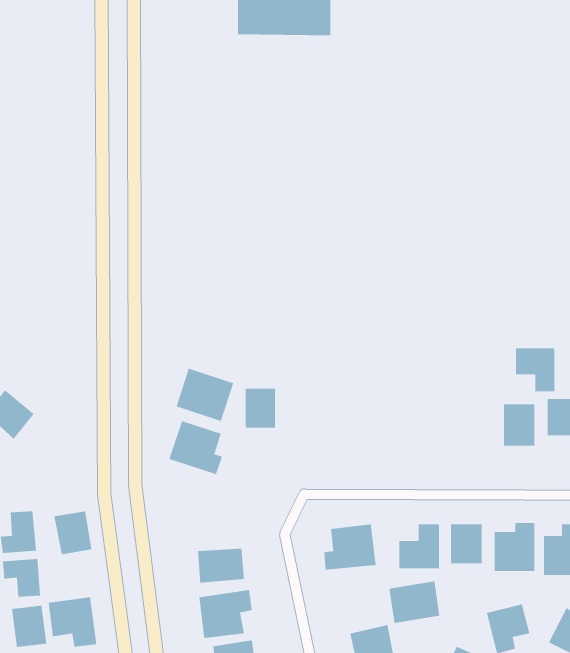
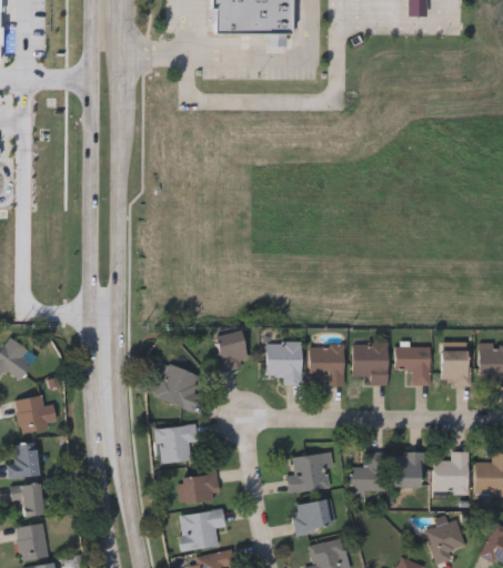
building: [515,348,555,392] -> [395,347,430,385]
building: [176,368,234,422] -> none
building: none -> [265,343,302,385]
building: none -> [353,343,388,384]
building: none -> [310,345,344,385]
building: none -> [155,425,199,465]
building: [53,511,92,555] -> [16,395,49,433]
building: [389,581,440,623] -> [291,499,335,536]
building: [48,596,97,648] -> none

